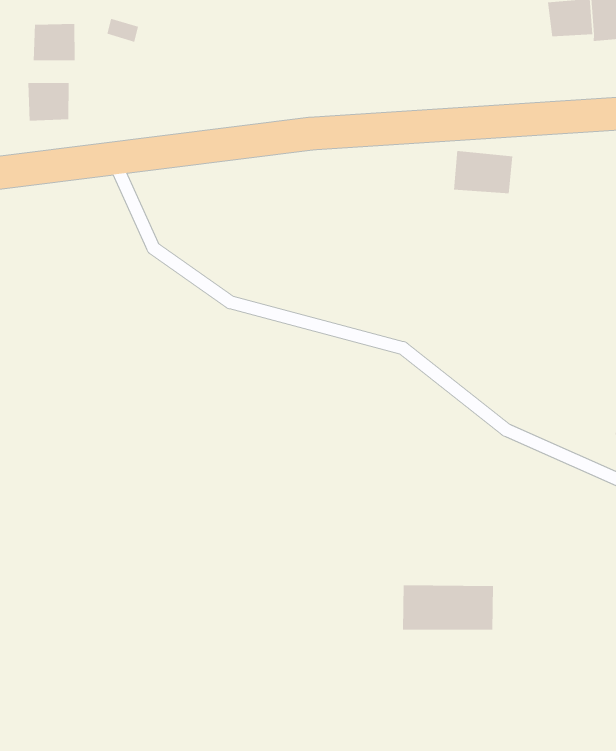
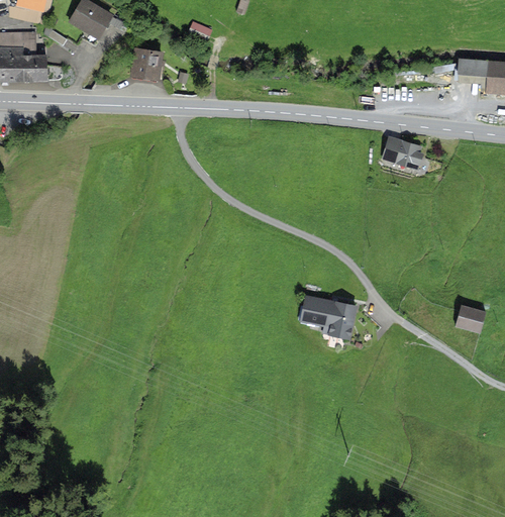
building: [33,23,75,61] -> none
building: [402,585,494,630] -> [297,296,357,332]

